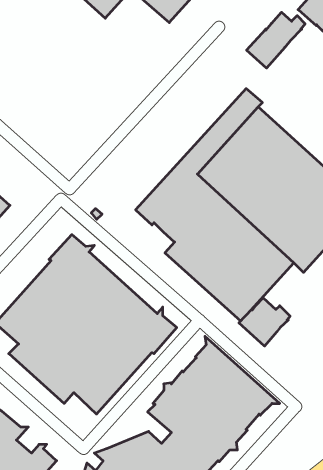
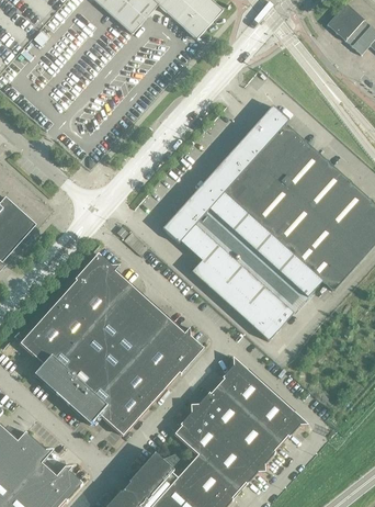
building: [247,12,305,68] -> none
building: [239,298,290,346] -> none

